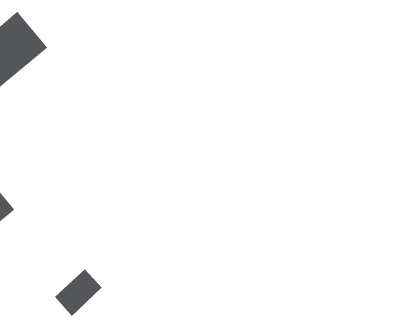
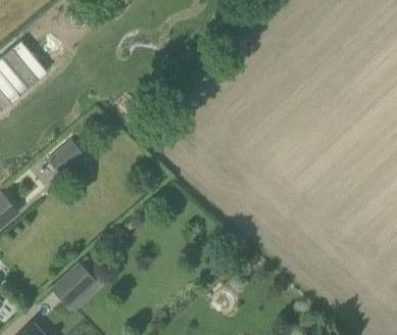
building: none -> [49,141,83,172]

